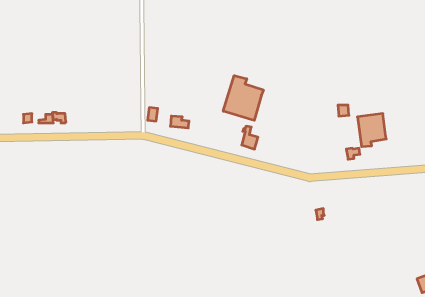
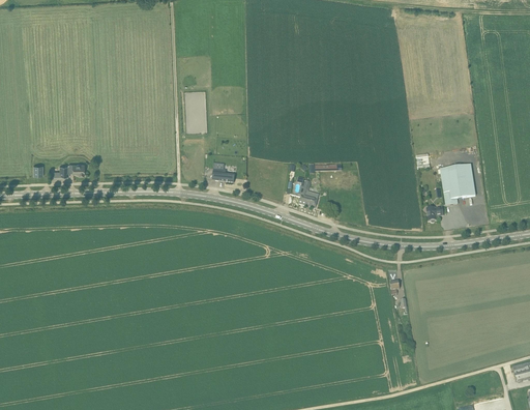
building: [223,76,263,120] -> none

